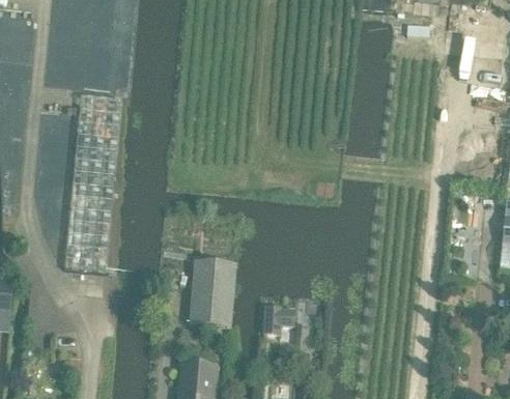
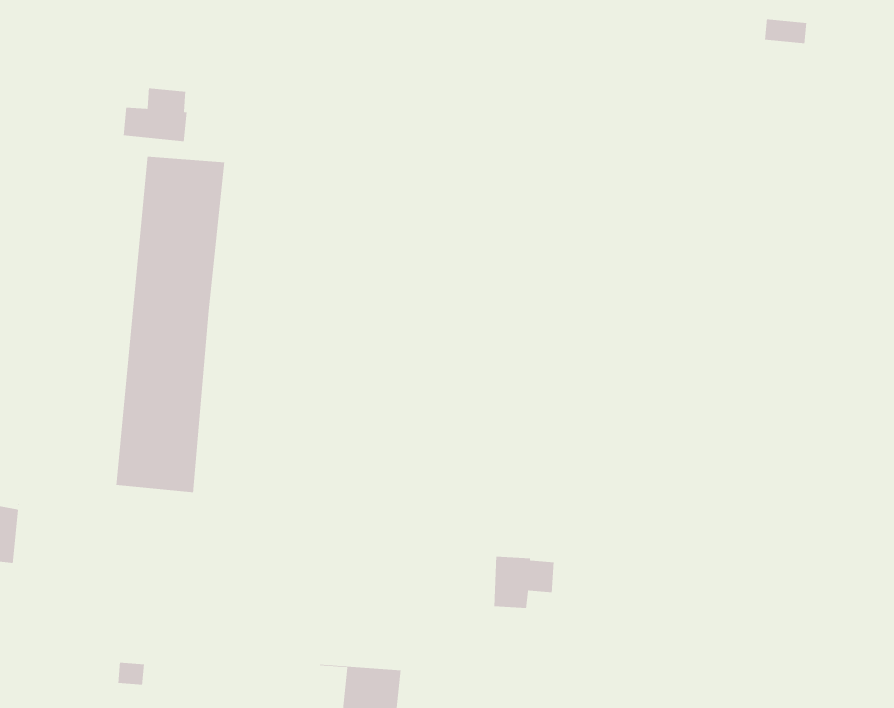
building: none -> [123,88,187,142]
building: [191,260,236,325] -> none

